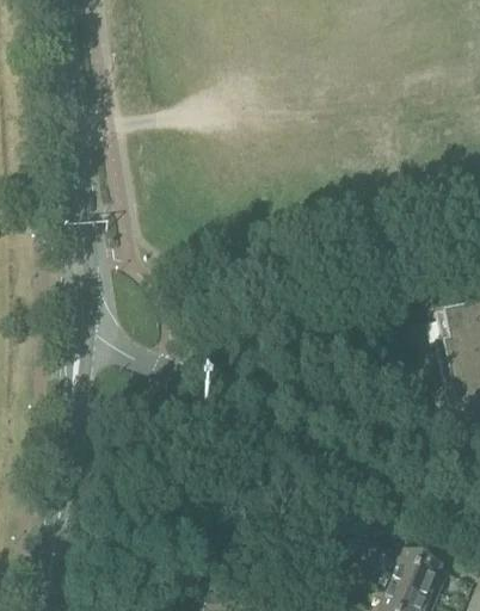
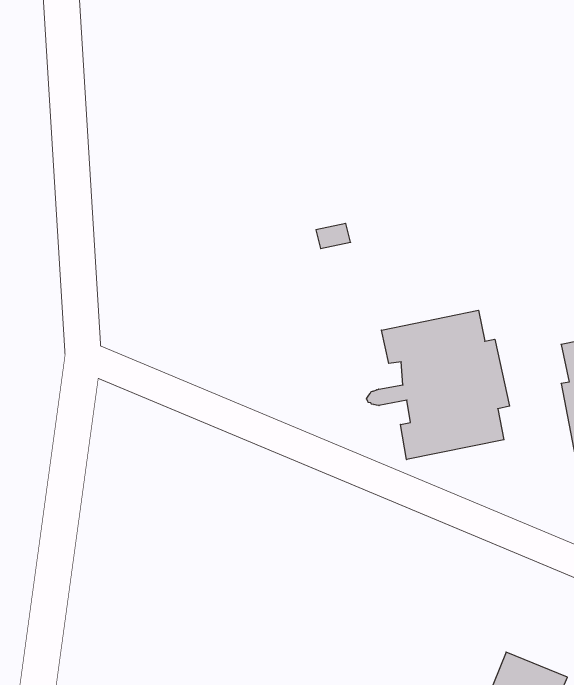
building: none -> [366,310,510,460]

